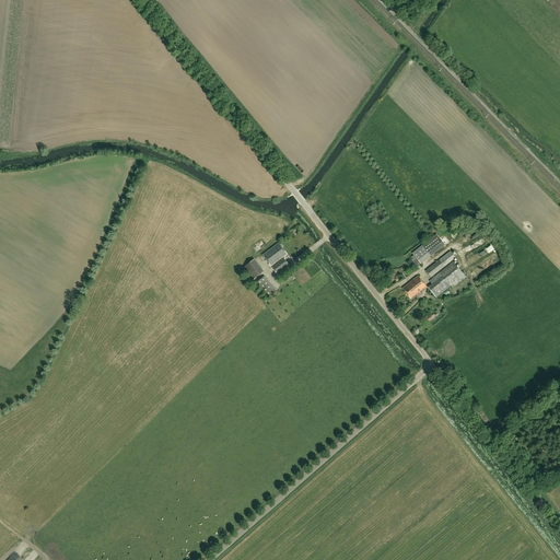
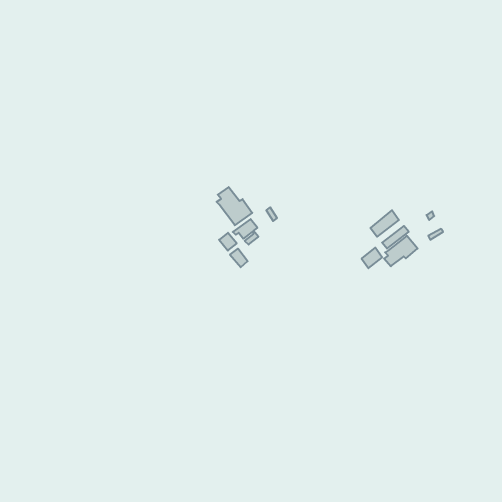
building: none -> [217,187,252,225]

